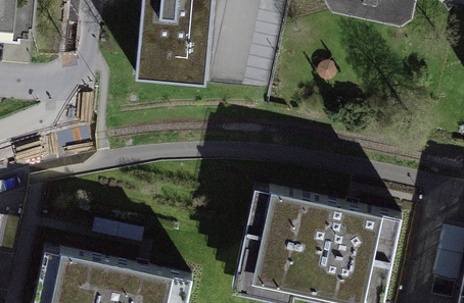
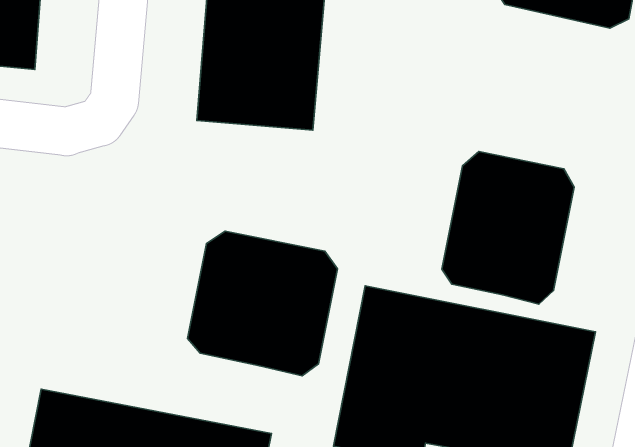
building: none -> [442,152,574,304]
building: none -> [188,231,337,376]

